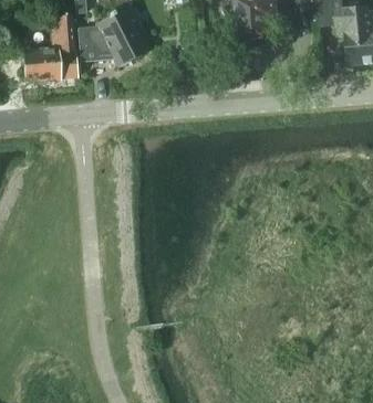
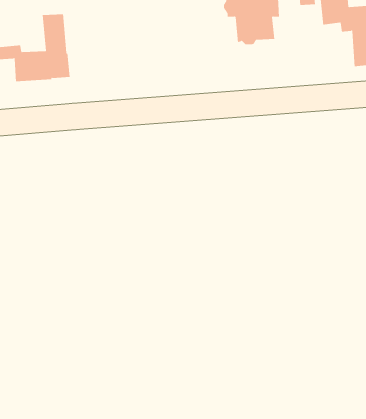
building: [77,7,142,66] -> none

